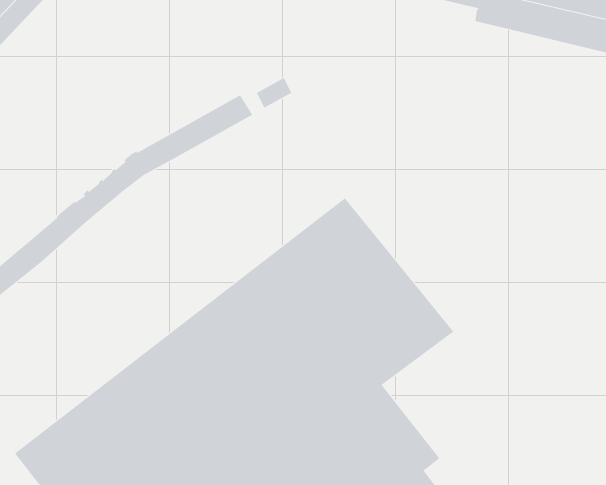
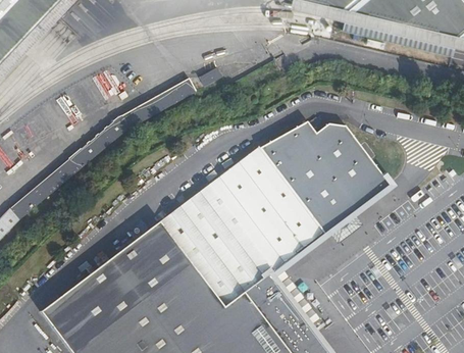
building: none -> [256,117,395,234]

